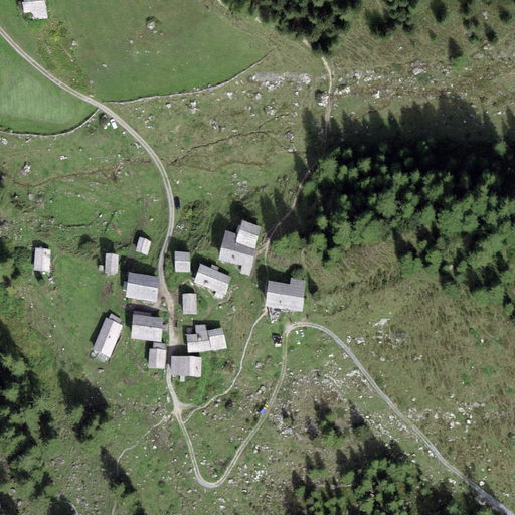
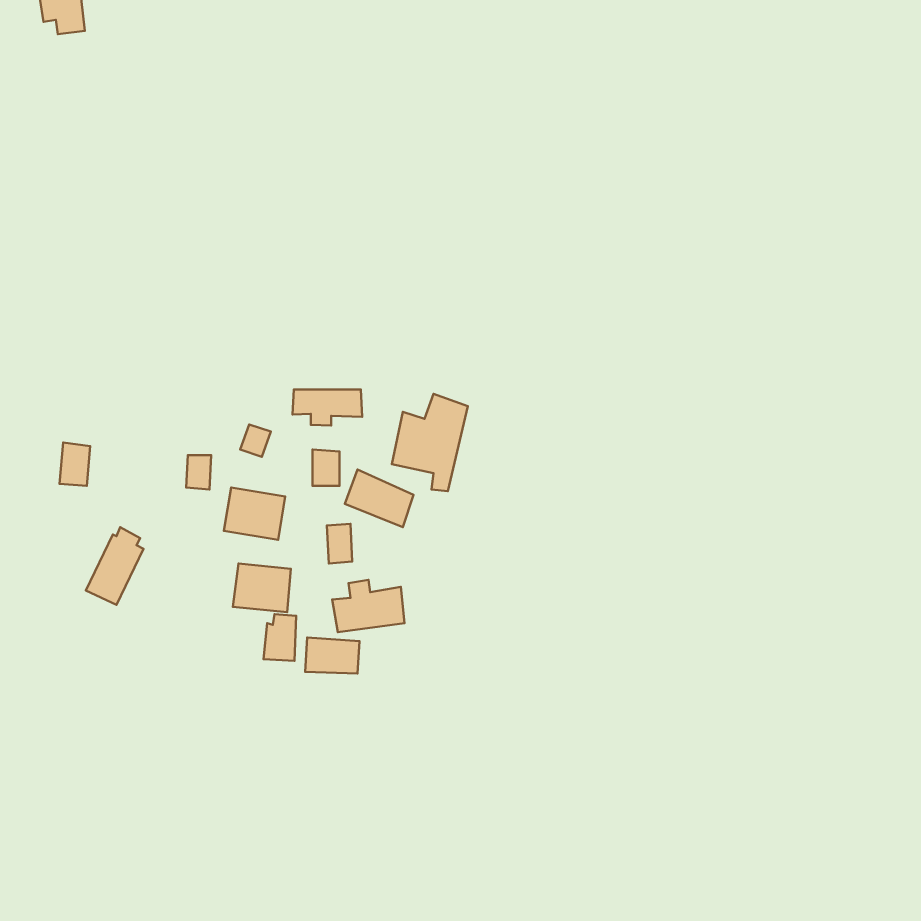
building: none -> [293,389,362,426]
building: [264,277,306,311] -> none
building: [91,313,123,356] -> [86,527,144,605]

